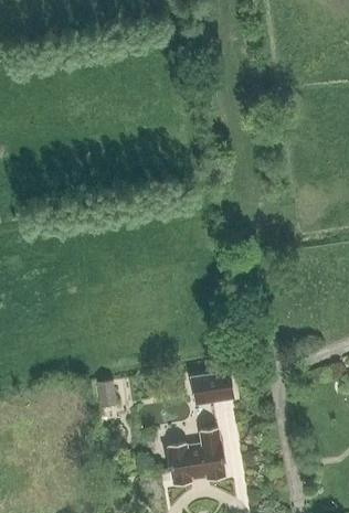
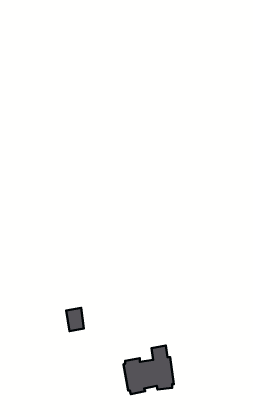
building: [189,370,234,404] -> none

